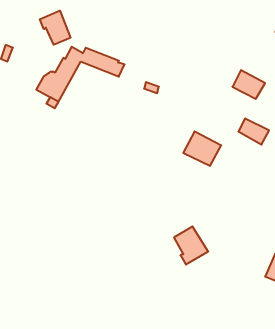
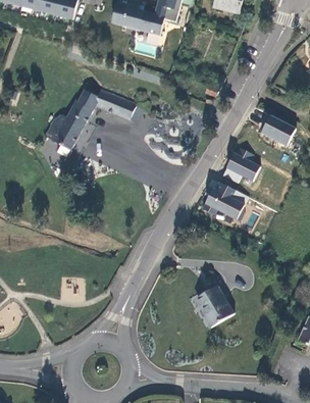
building: [40,11,71,45] -> none
building: [238,118,269,145] -> [225,153,259,182]

